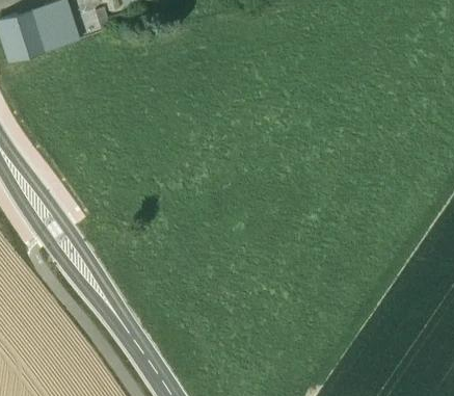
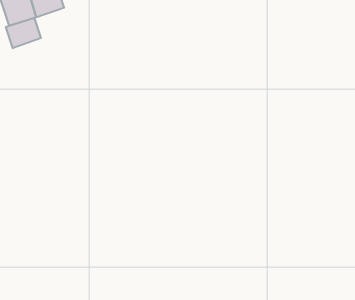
building: none -> [6,18,41,48]

